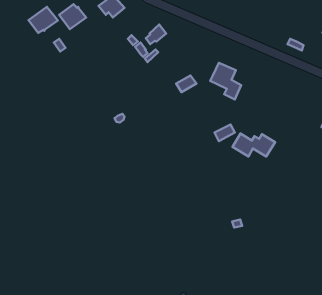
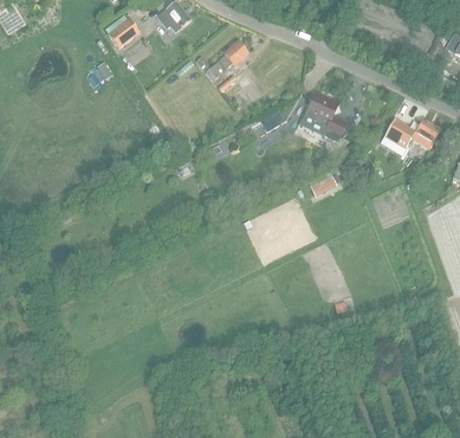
building: [29,7,58,33] -> none
building: [232,133,275,157] -> [384,117,441,148]

